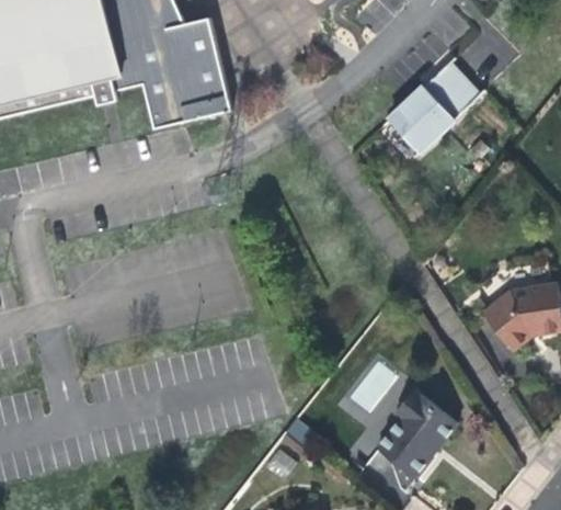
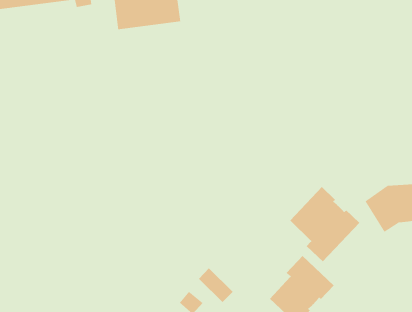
building: [387,66,479,150] -> none
building: none -> [289,186,360,262]

